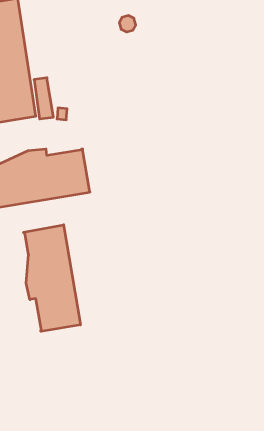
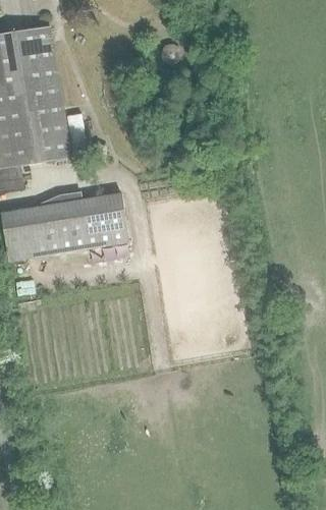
building: [24,225,80,331] -> none

